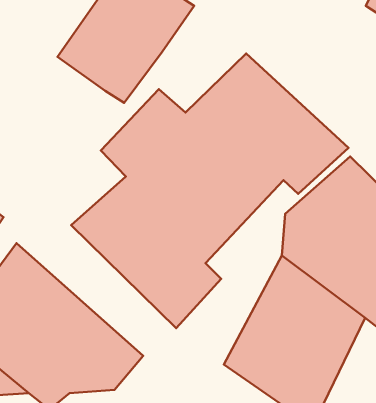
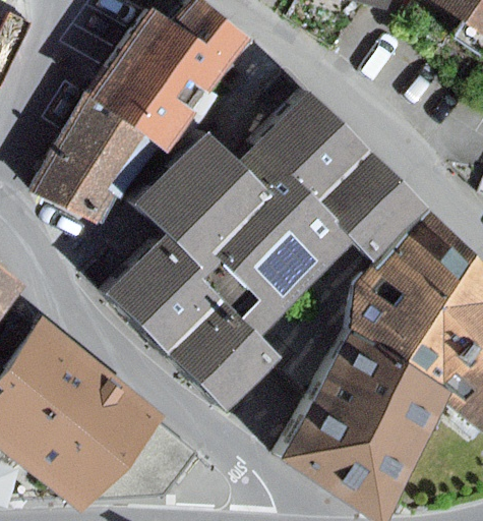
building: none -> [25,90,142,224]

